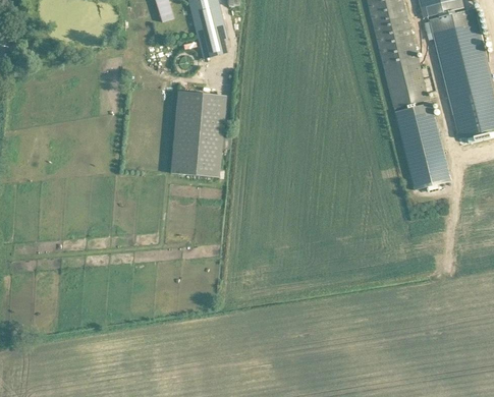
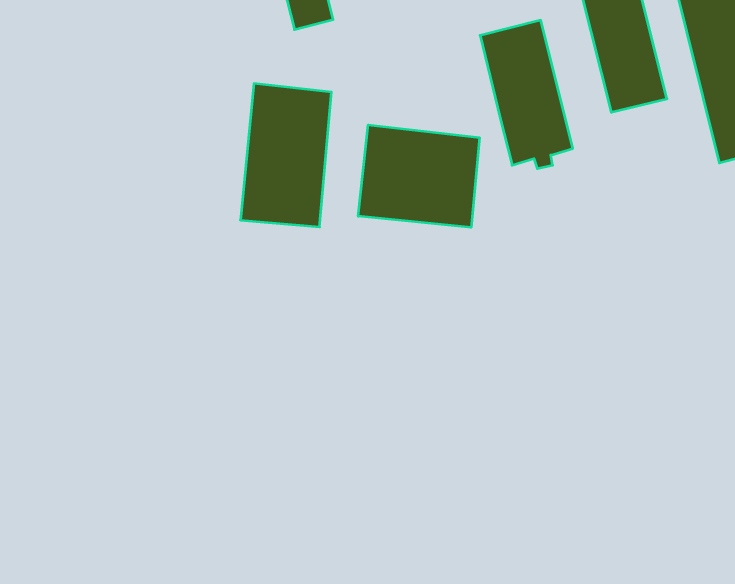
building: [395,102,451,191] -> [480,20,573,169]
building: none -> [358,125,479,227]

